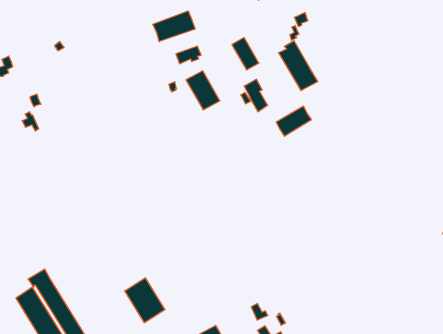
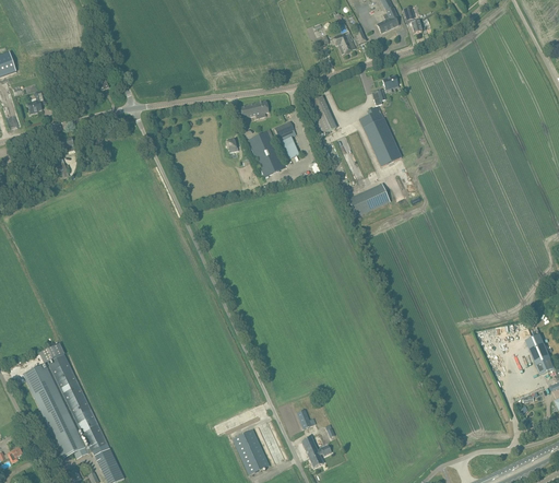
building: [153,11,195,42] -> none
building: [244,79,268,112] -> [275,121,300,160]
building: [125,278,165,323] -> none

